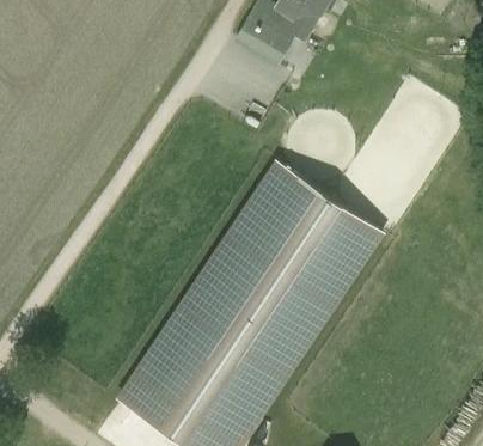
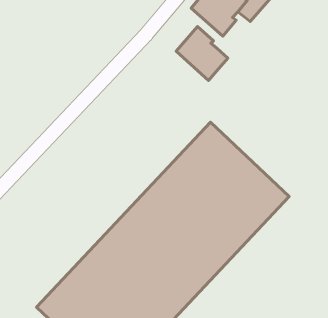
building: none -> [176,27,228,81]

